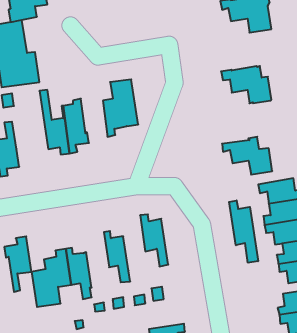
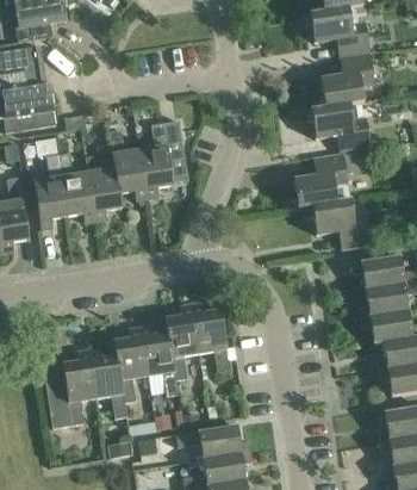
building: none -> [313,52,374,108]
building: none -> [108,129,148,199]
building: none -> [33,136,68,229]
building: none -> [287,149,371,210]
building: [229,200,258,263] -> none
building: none -> [164,304,199,379]
building: [4,236,32,292] -> [113,327,150,402]
building: none -> [168,424,251,458]

